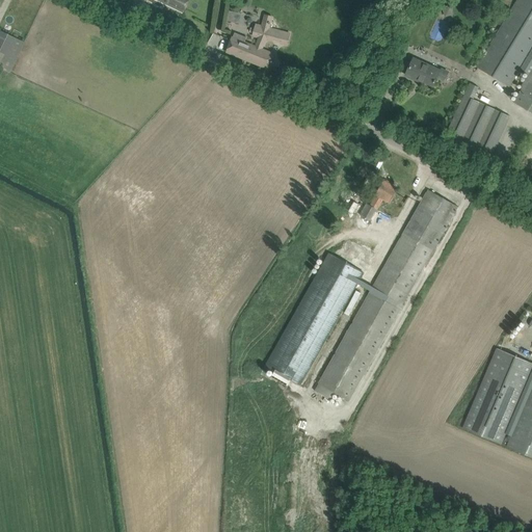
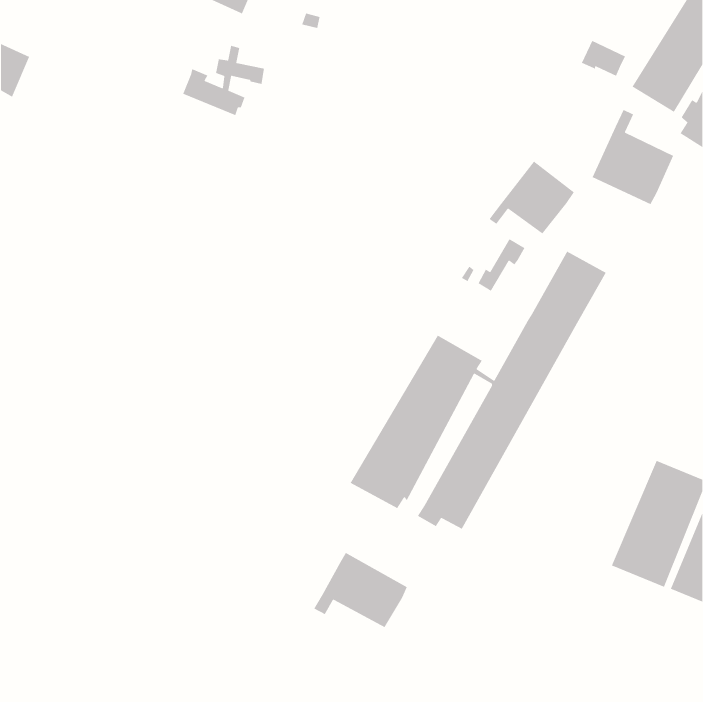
building: [228,14,290,68] -> [182,45,265,116]
building: [406,57,441,85] -> [581,40,626,77]
building: none -> [489,161,575,235]
building: none -> [313,552,408,628]

